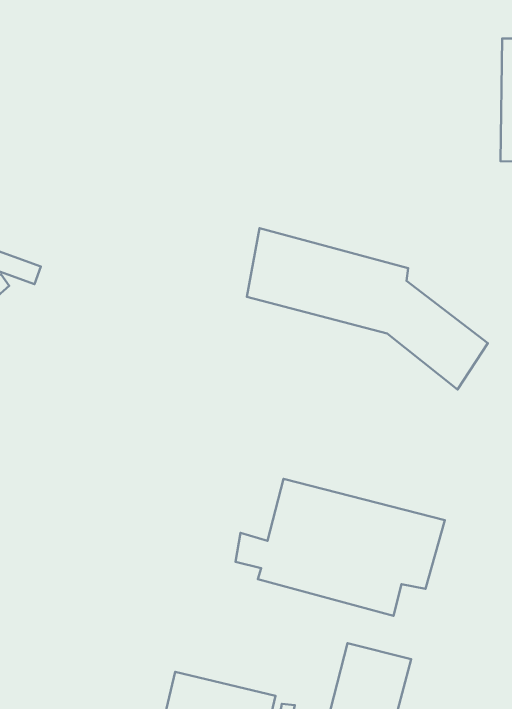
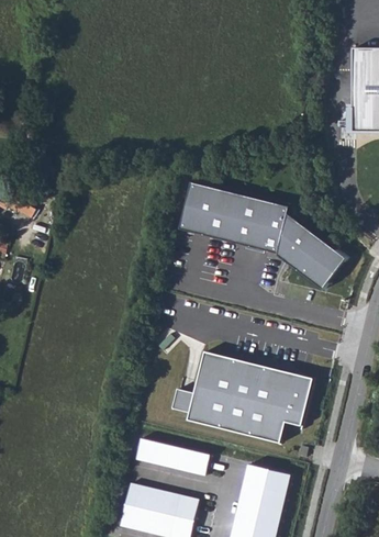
building: none -> [135,435,212,477]

